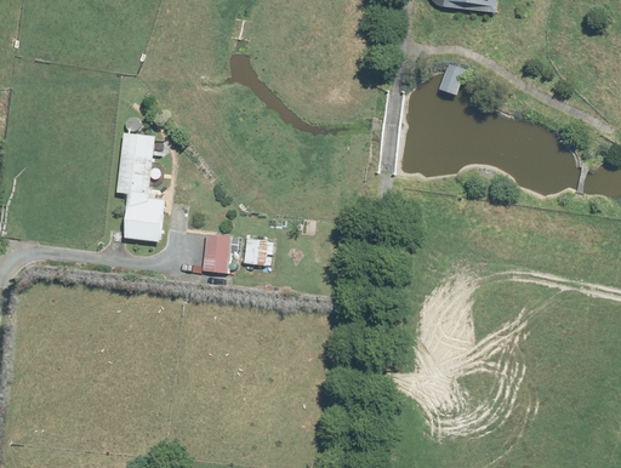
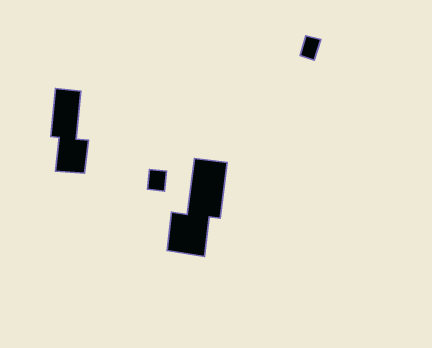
building: none -> [167,159,227,256]
building: [199,233,230,273] -> none

